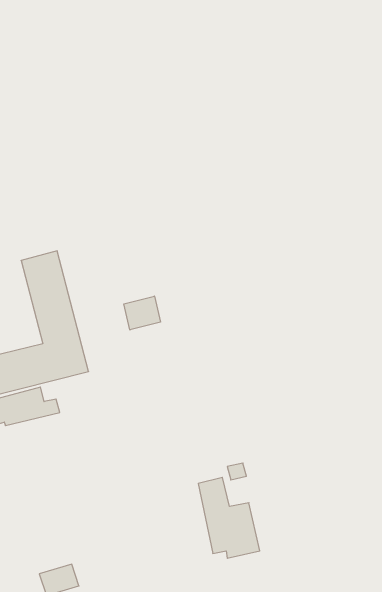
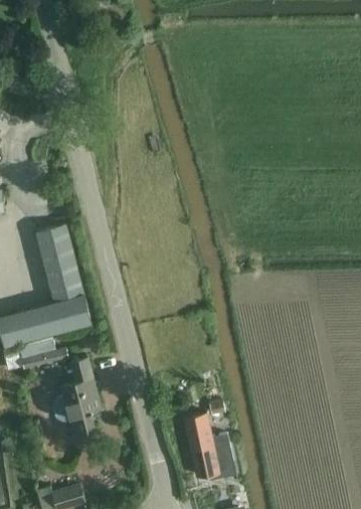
building: [124,296,160,330] -> none
building: none -> [52,357,101,436]

